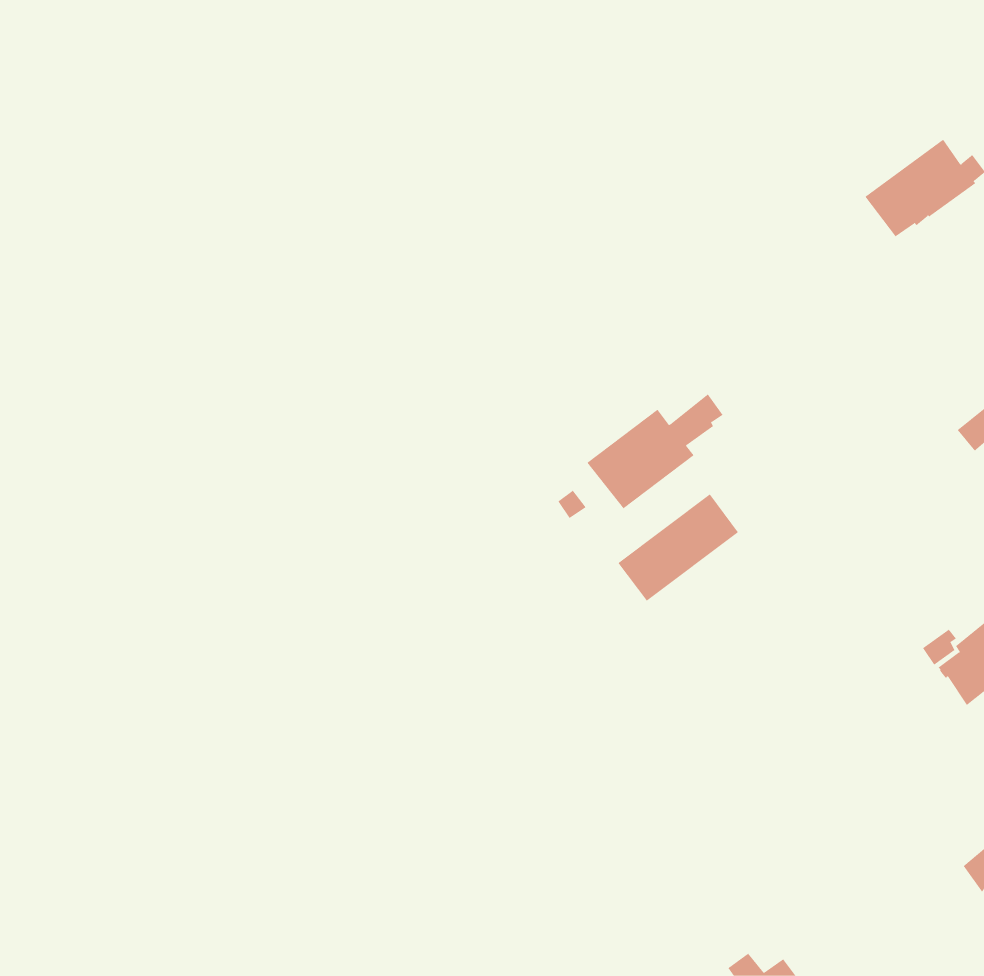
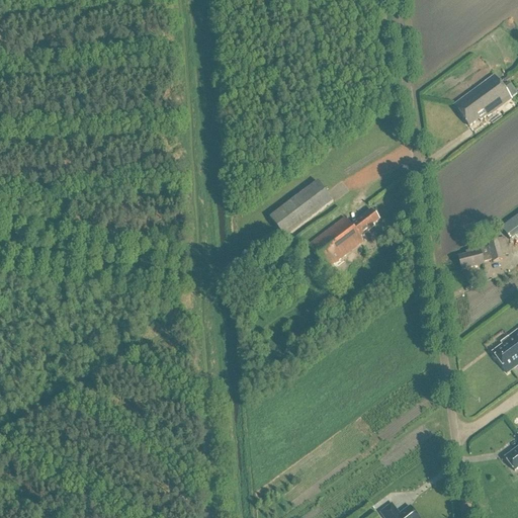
building: none -> [459,235,510,268]
building: [617,494,739,602] -> [270,178,334,235]

